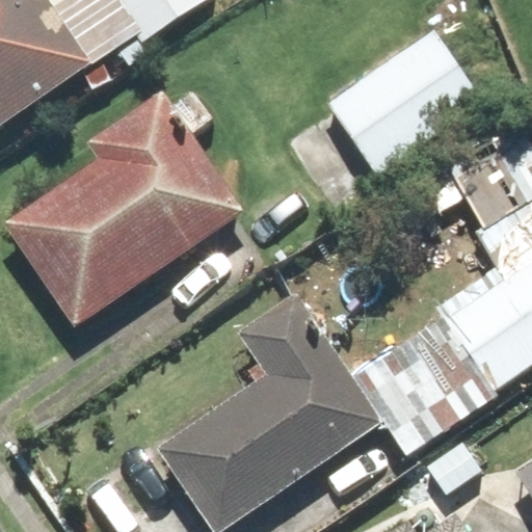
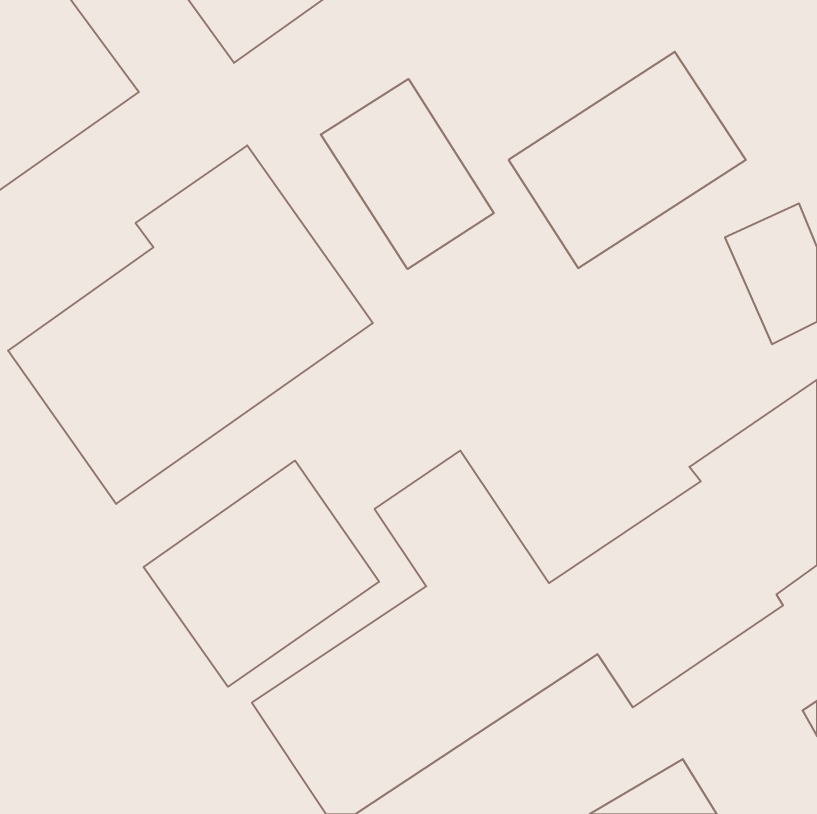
building: none -> [321,79,494,269]
building: none -> [144,461,379,687]

